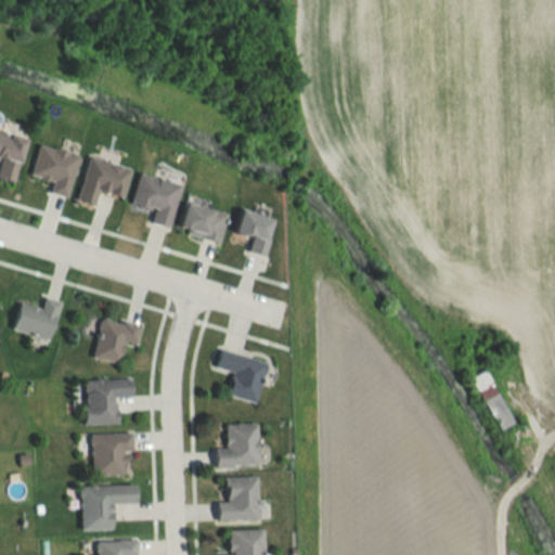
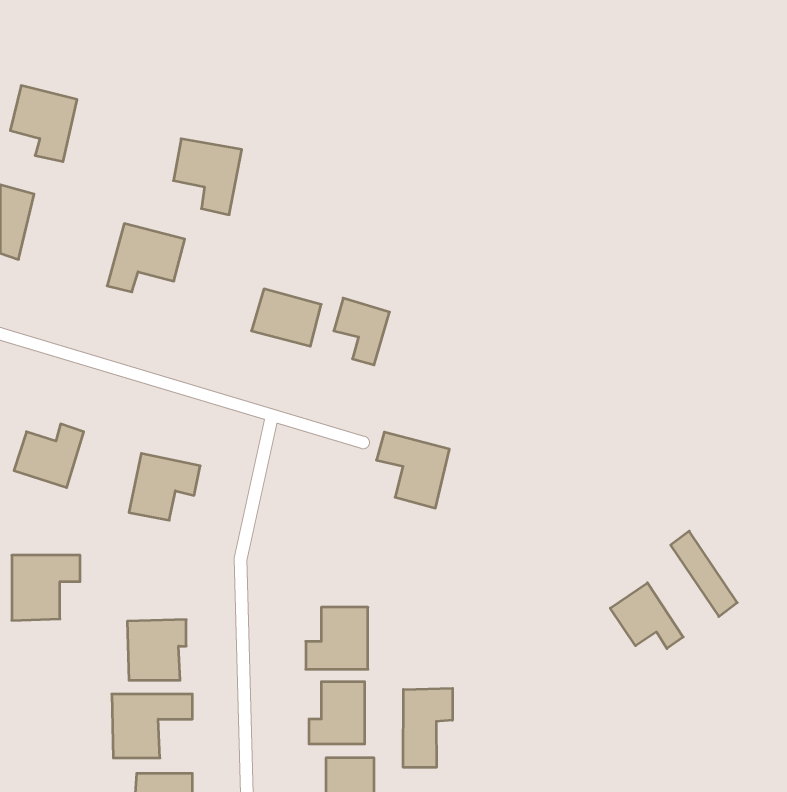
building: [34,144,80,197] -> [10,86,77,162]
building: [134,175,182,228] -> [173,139,242,215]
building: [217,350,268,403] -> [376,432,449,508]
building: [87,379,134,425] -> [12,555,80,620]
building: none -> [610,583,683,649]
building: none -> [403,688,453,767]

